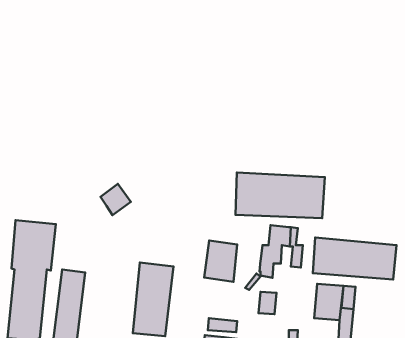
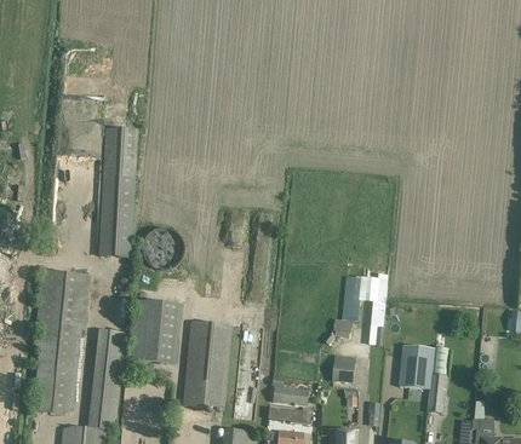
building: none -> [98,126,138,256]
building: [235,173,325,218] -> none
building: [313,238,397,279] -> none
building: [204,241,237,282] -> none
building: none -> [128,299,179,363]

